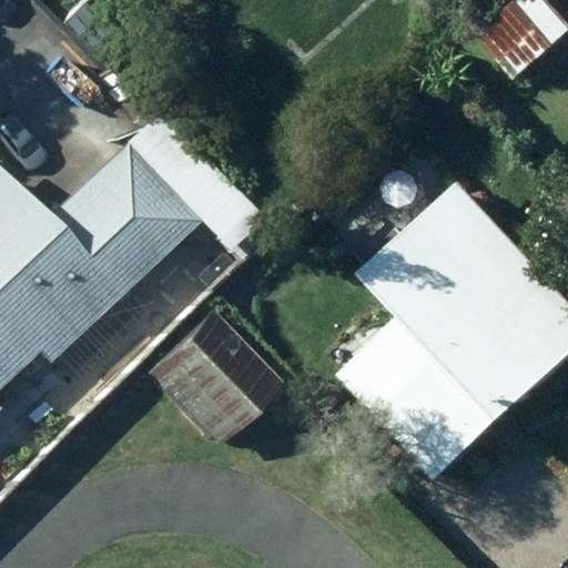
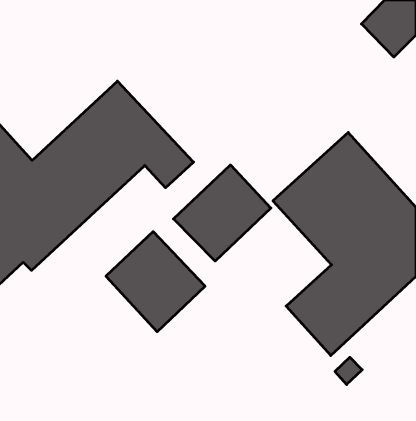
building: none -> [173,165,271,261]

